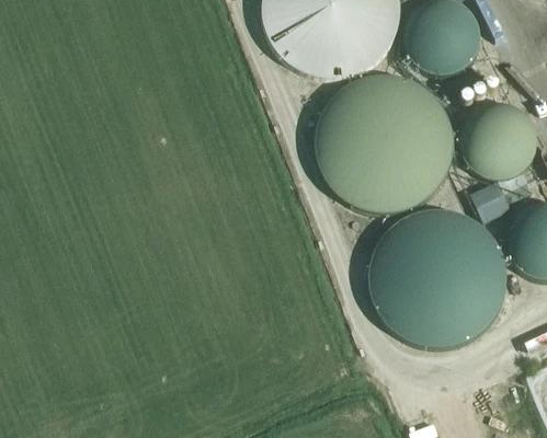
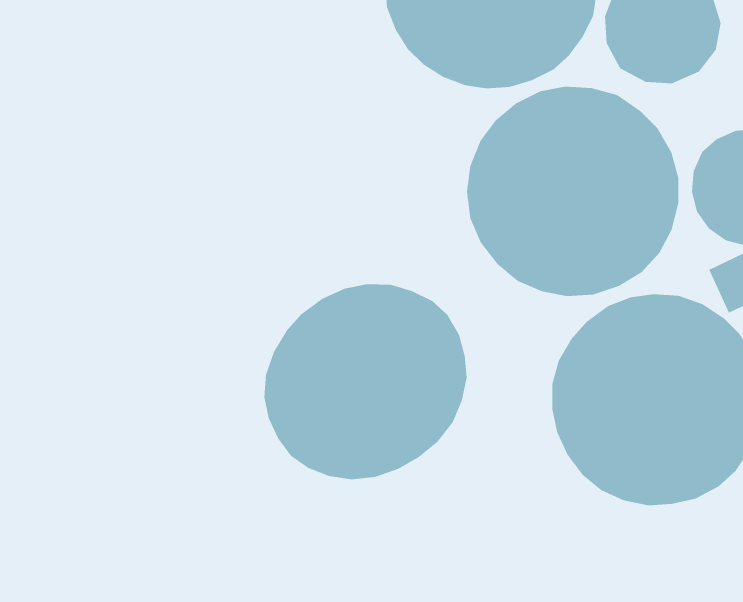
building: none -> [264,283,468,480]

